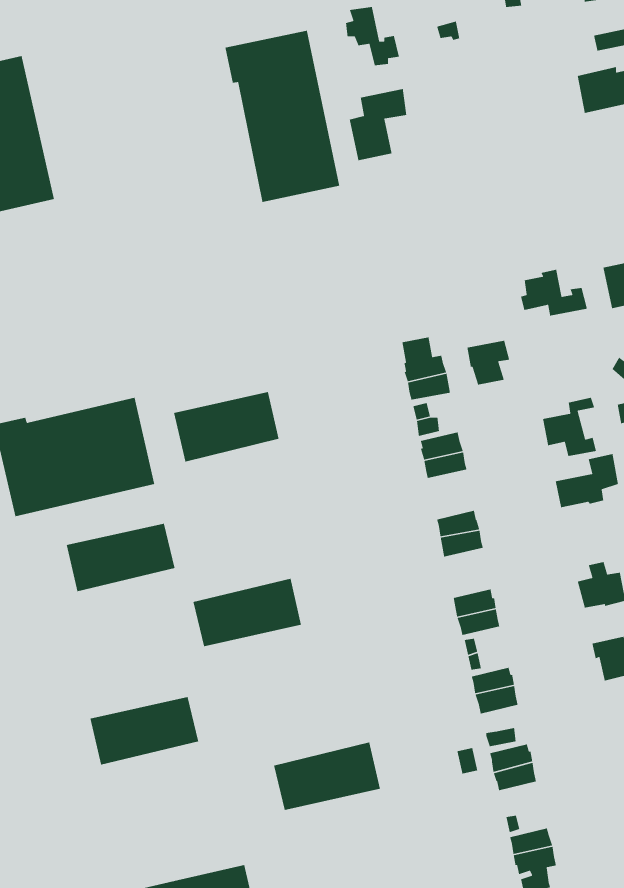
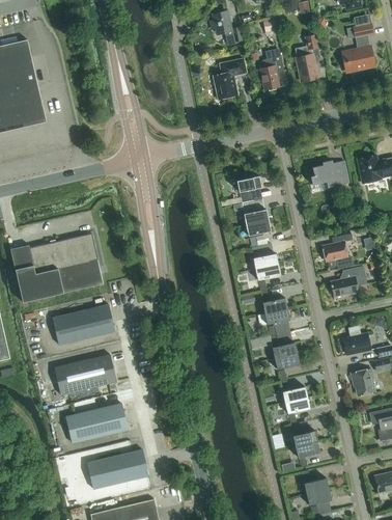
building: [224,30,340,203] -> none
building: none -> [296,35,320,82]
building: none -> [259,49,284,90]
building: [466,340,510,386] -> [236,176,261,202]
building: [173,391,279,462] -> none
building: [192,578,302,647] -> [54,355,116,394]
building: [273,742,381,811] -> [87,449,148,489]

